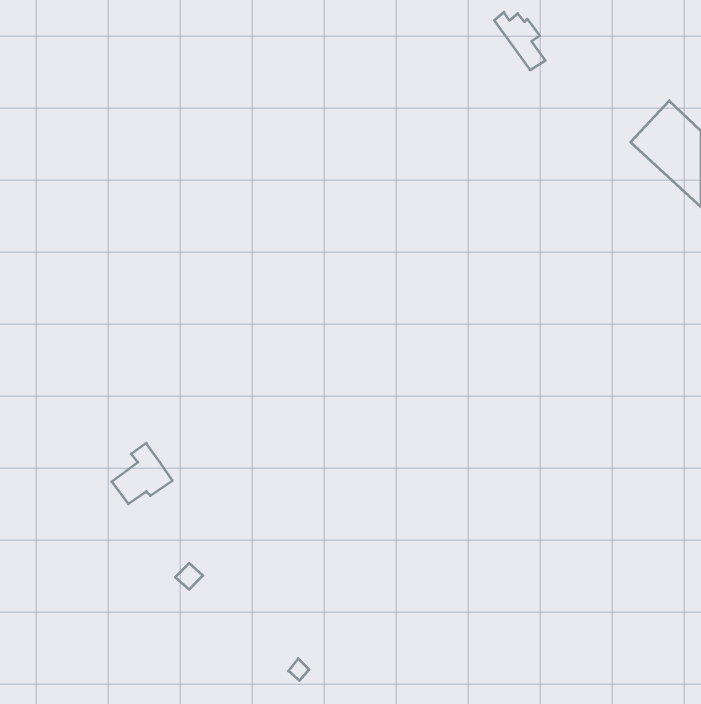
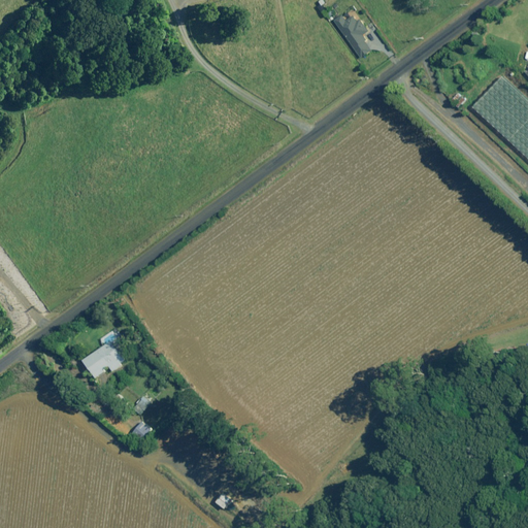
building: [494,12,545,70] -> [333,13,371,57]

